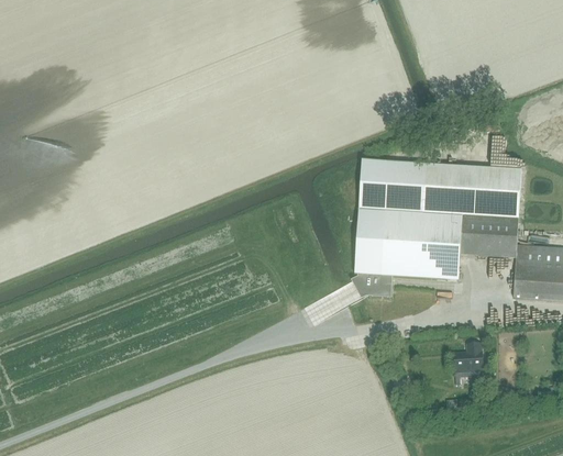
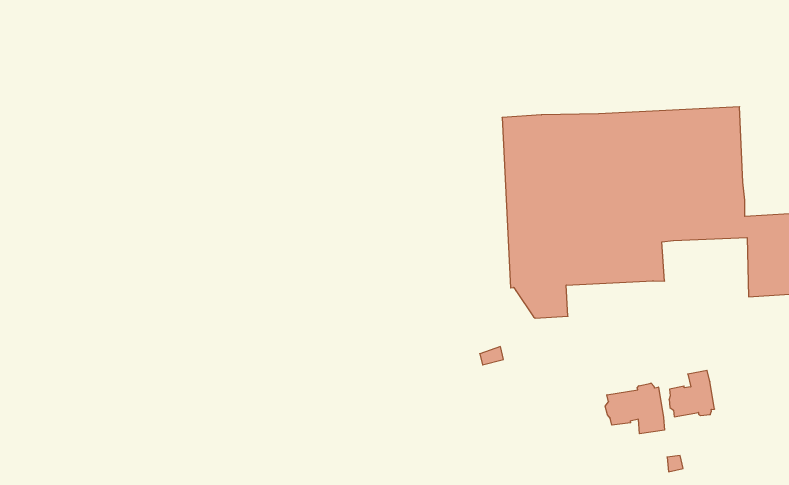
building: none -> [605,383,664,434]

